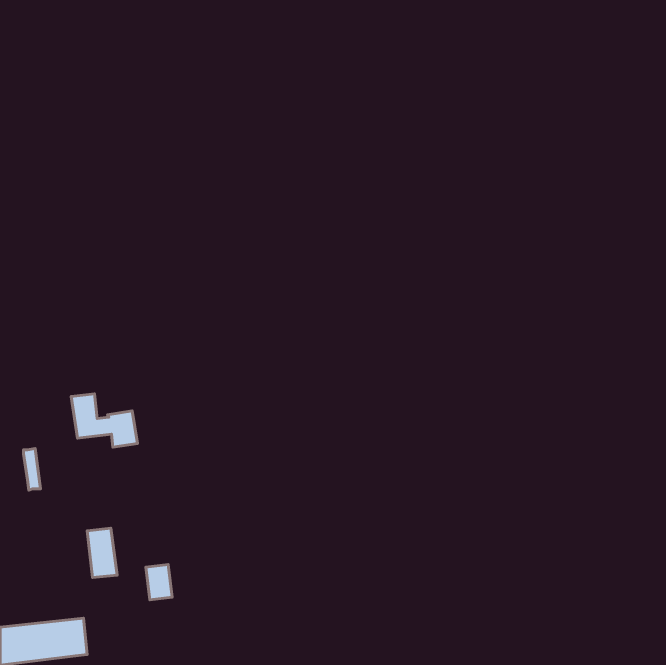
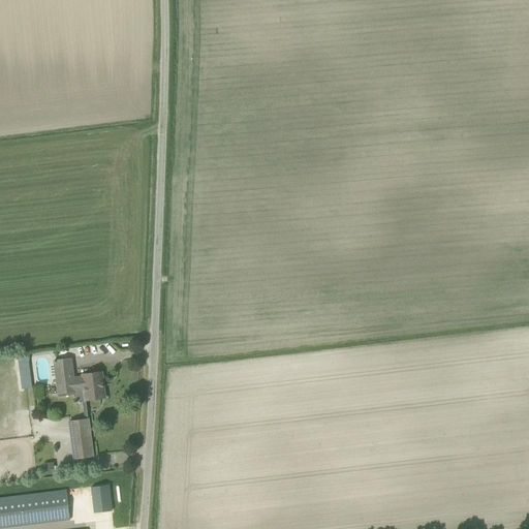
building: [71,394,138,447] -> [53,357,105,400]
building: [146,565,172,600] -> [91,485,112,512]

